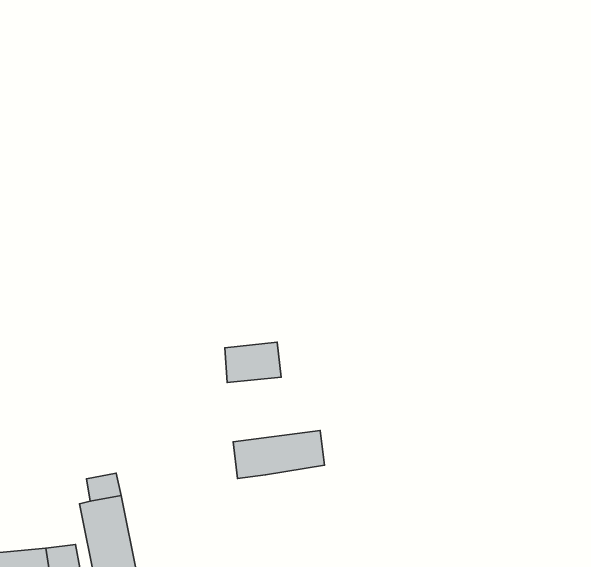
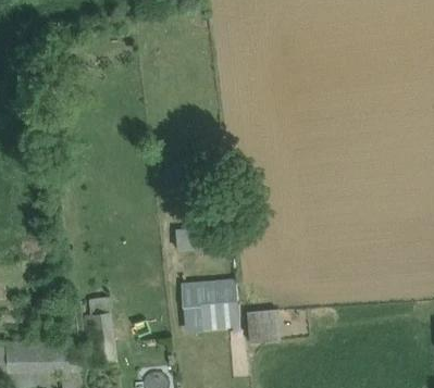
building: none -> [198,303,237,328]
building: none -> [246,310,278,343]

